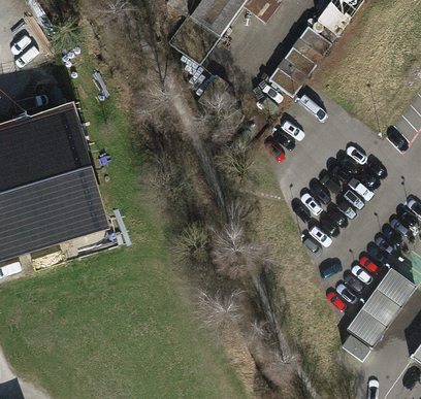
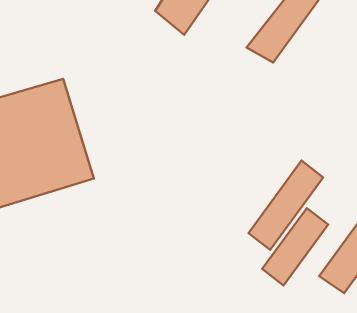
building: none -> [248,160,323,250]
building: none -> [262,208,328,285]

